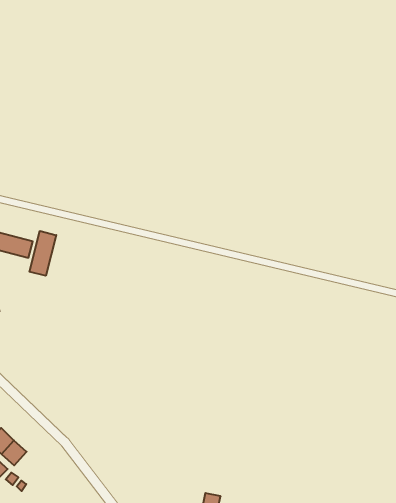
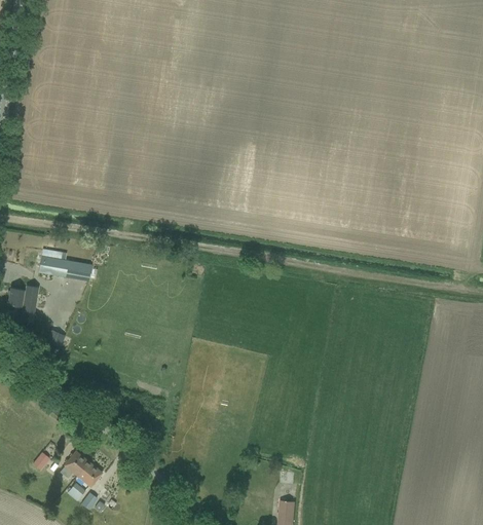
building: [29,231,56,276] -> none

